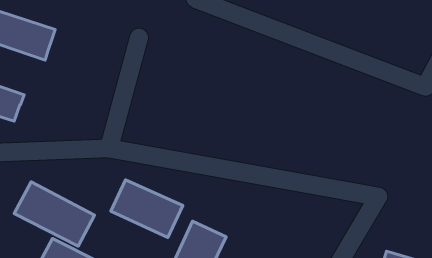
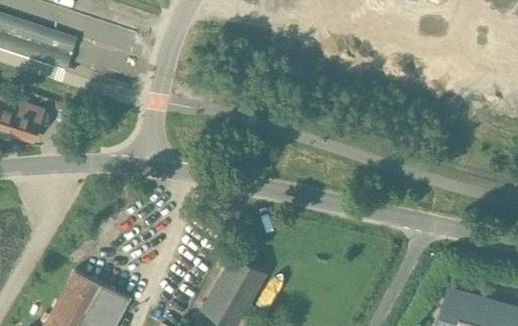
building: [111,180,183,238] -> none
building: [14,182,94,246] -> none

